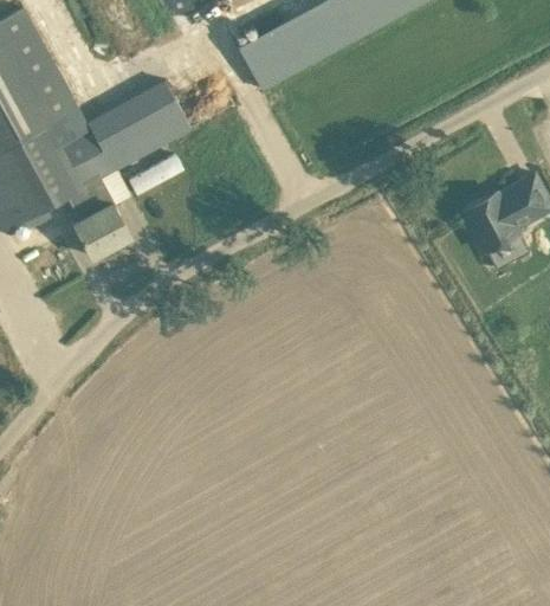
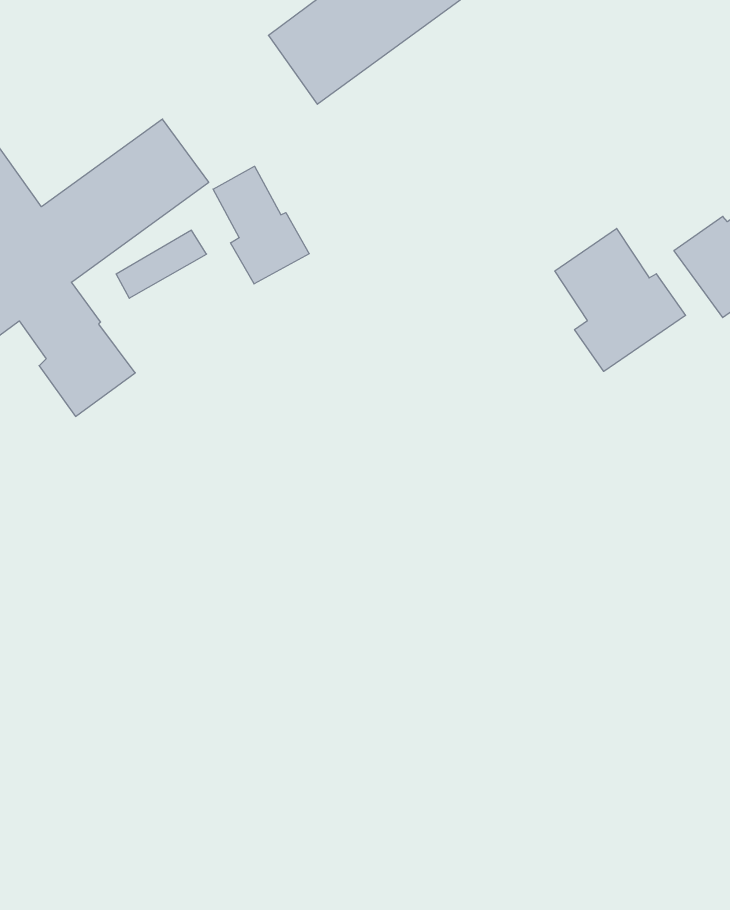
building: none -> [213,166,309,284]
building: none -> [555,228,686,371]

